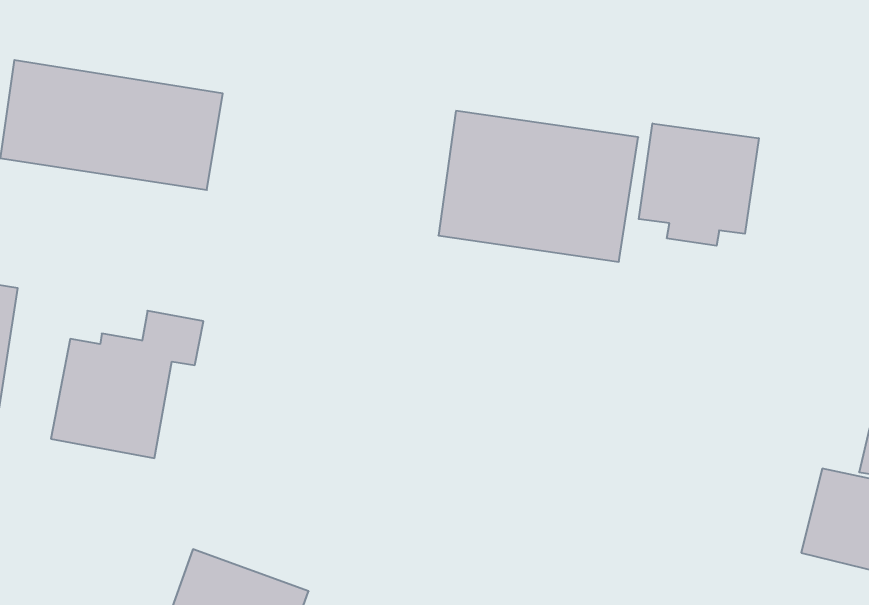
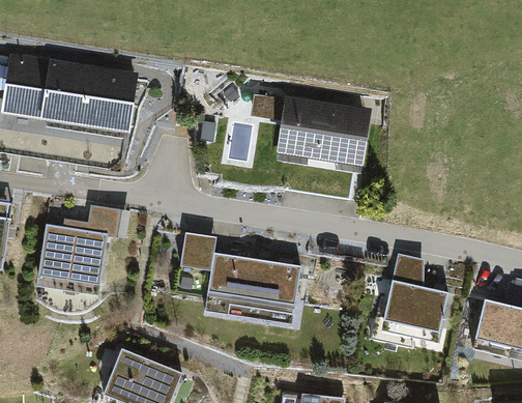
building: [639,123,759,246] -> none
building: none -> [178,232,299,323]
building: none -> [381,252,451,342]

